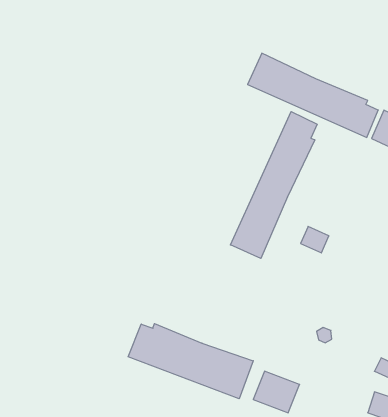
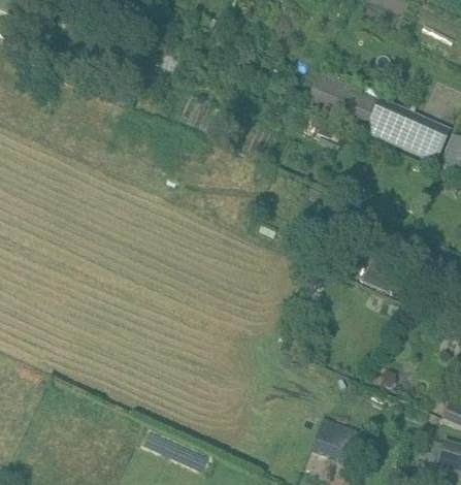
building: [230,112,317,258] -> none
building: [128,324,253,399] -> none

